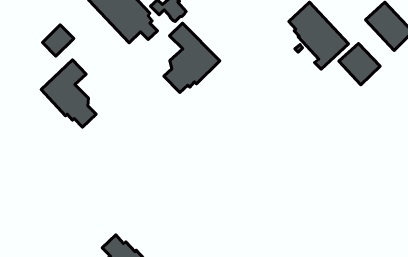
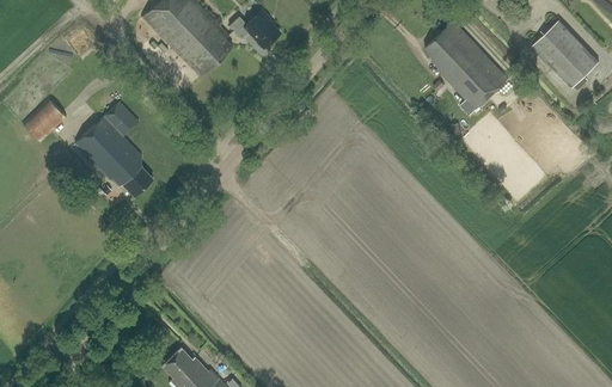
building: [164,23,220,92] -> none
building: [42,25,74,56] -> [23,98,67,142]
building: [339,44,380,85] -> none

